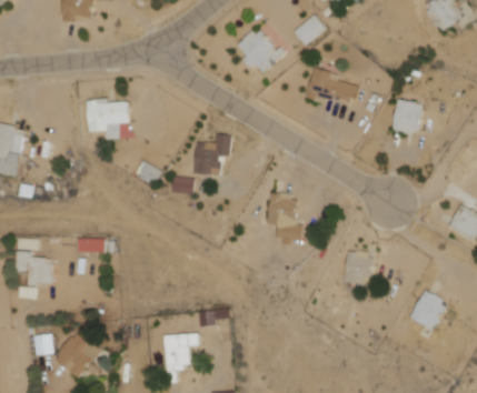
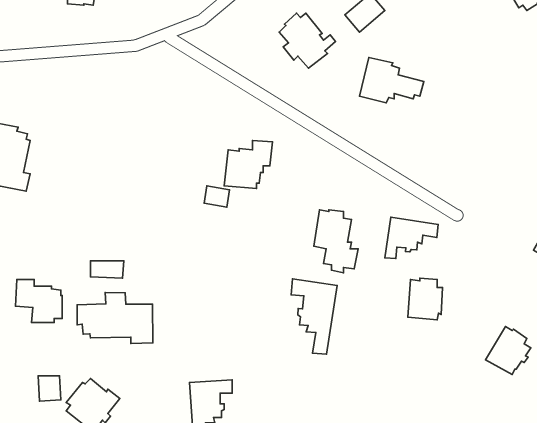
building: [83,98,129,140] -> none
building: [390,99,421,134] -> none
building: none -> [385,217,438,259]
building: none -> [291,279,337,354]
building: none -> [77,293,153,343]

